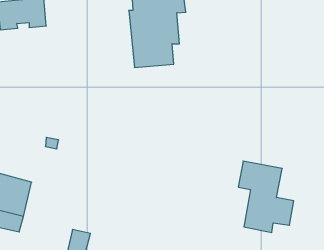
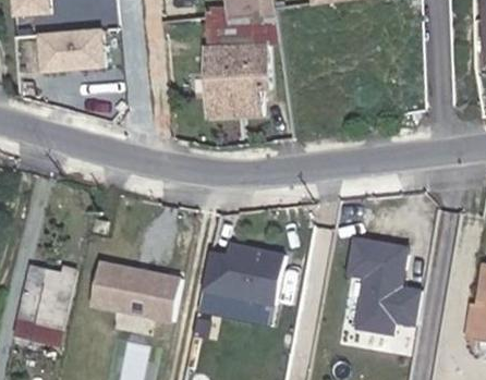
building: none -> [201,249,284,309]
building: none -> [90,266,181,324]

